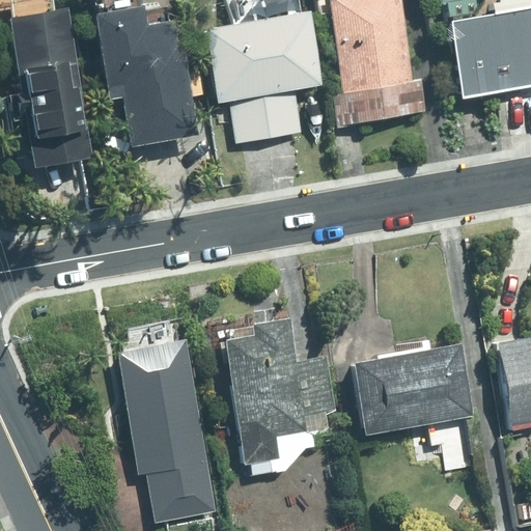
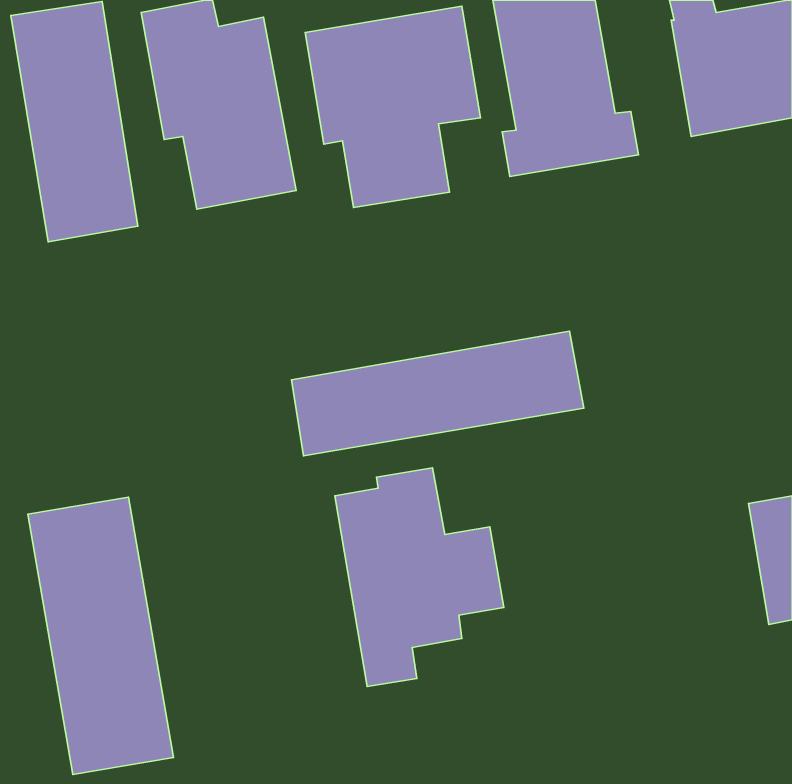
building: none -> [291,331,584,456]
building: [119,340,217,526] -> [28,497,174,775]
building: [354,344,472,434] -> none

